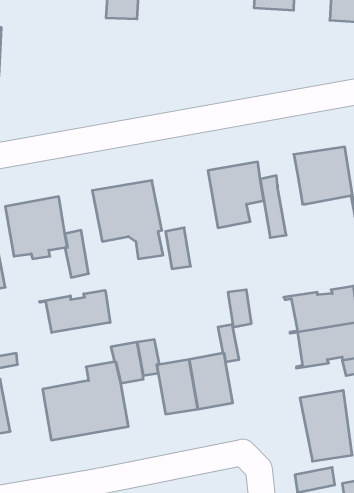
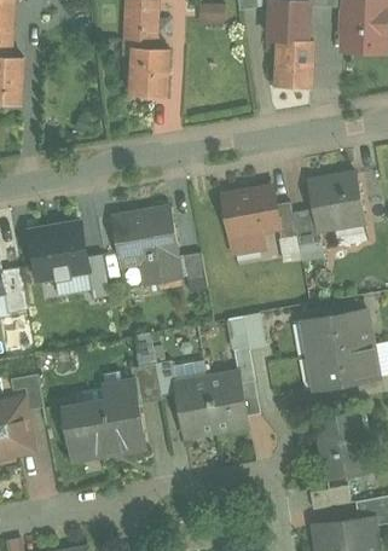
building: none -> [268,39,313,88]
building: none -> [124,48,168,97]
building: none -> [291,208,323,260]
building: [40,290,110,333] -> none

